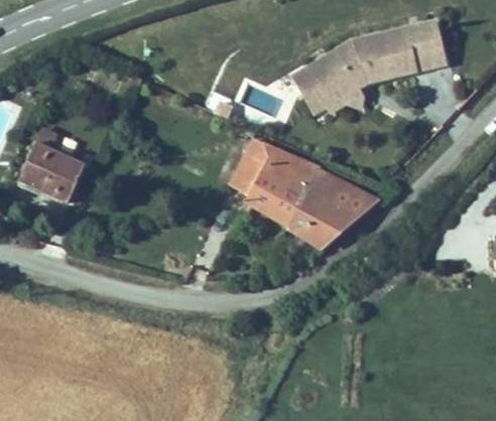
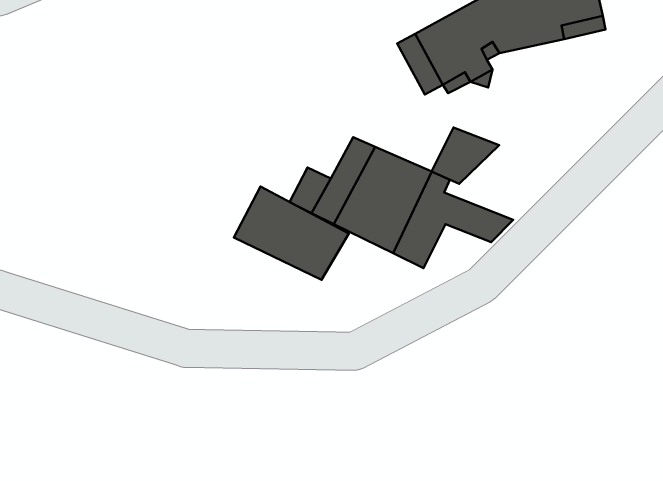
building: [22,138,84,208] -> none
building: none -> [234,187,349,280]
building: [312,203,361,245] -> [431,127,499,184]

